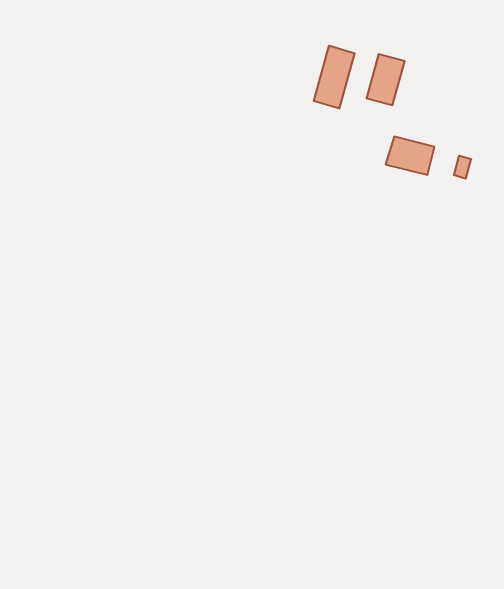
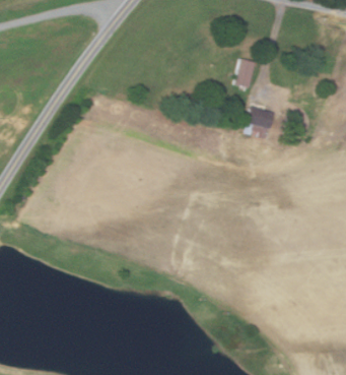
building: [314,46,355,109] -> none

